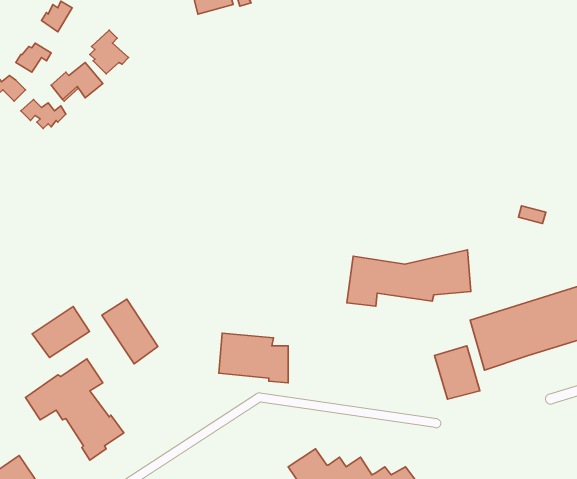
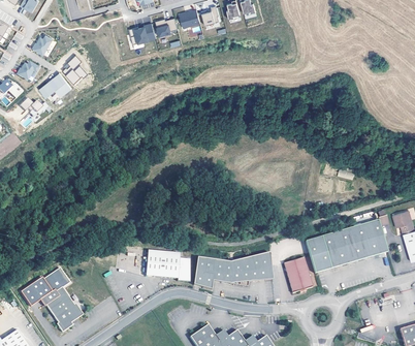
building: [347,250,471,306] -> [193,252,273,288]
building: [102,299,158,364] -> none
building: [32,306,89,357] -> none

